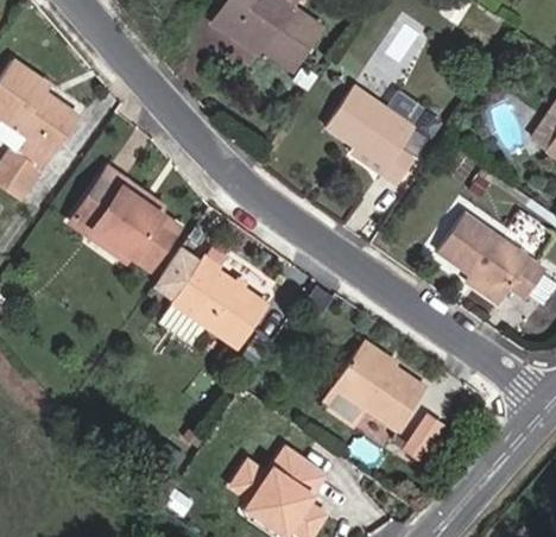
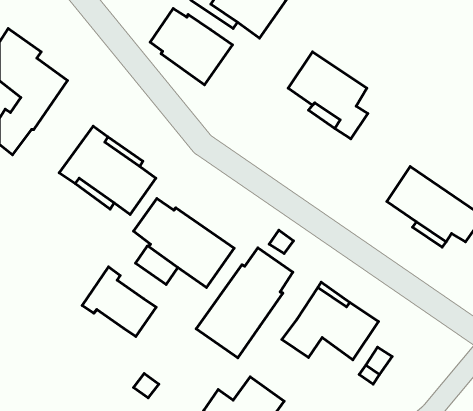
building: none -> [150,9,232,85]
building: none -> [196,248,293,358]
building: none -> [82,267,156,337]

